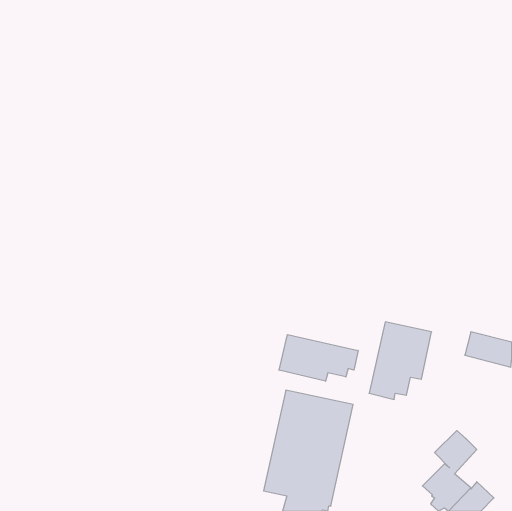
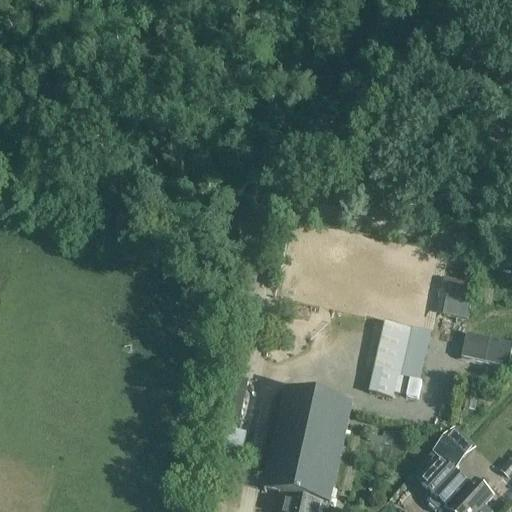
building: none -> [446,284,469,314]
building: [279,335,358,381] -> none

